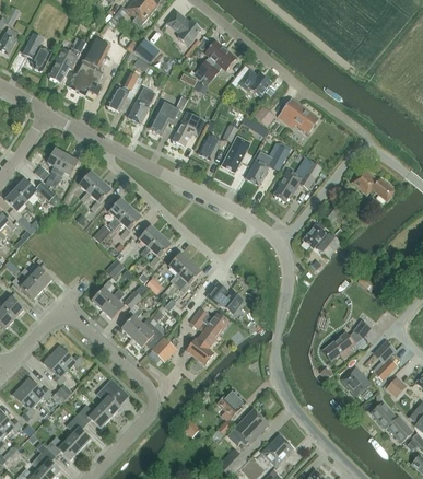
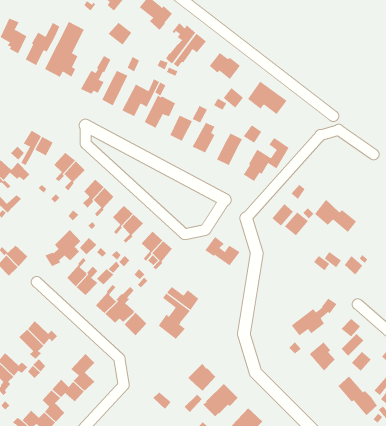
building: [352,167,396,202] -> [314,199,357,233]
building: none -> [45,229,81,267]
building: [207,283,244,314] -> [204,236,241,266]

